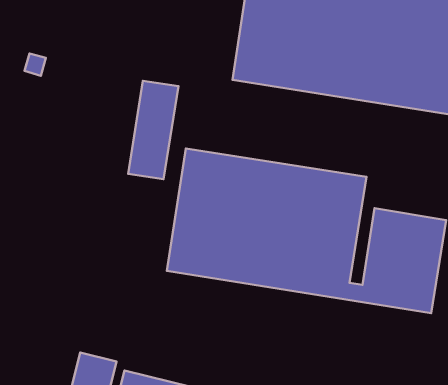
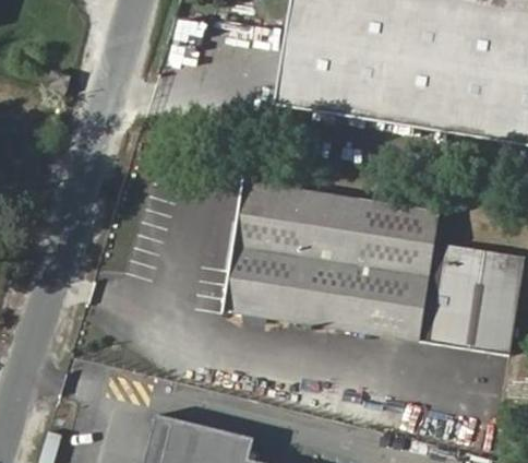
building: [128,81,179,179] -> none

